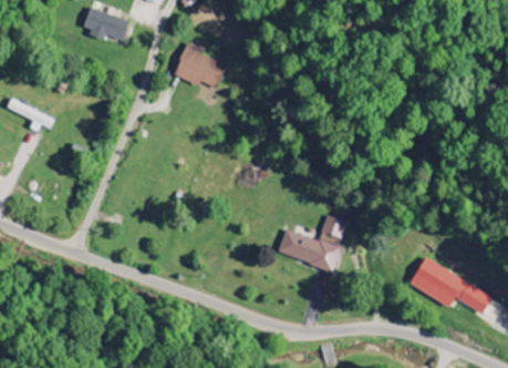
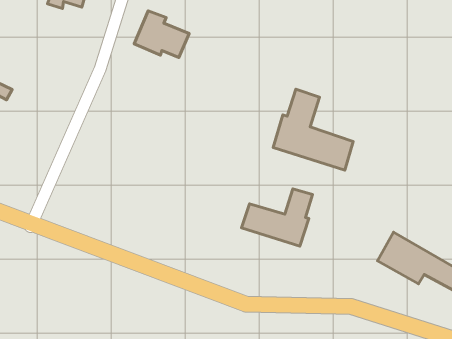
building: none -> [273,89,353,170]

